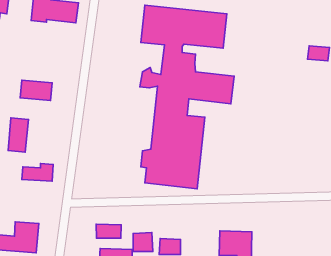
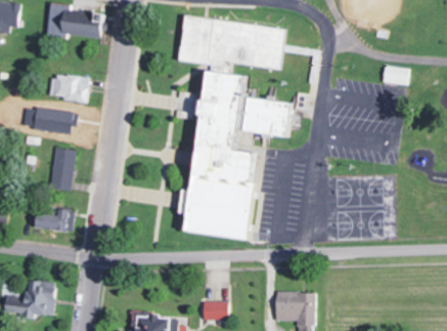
building: none -> [48,74,89,101]
building: [8,118,28,152] -> [50,148,75,190]
building: [96,224,121,238] -> none
building: [133,233,153,251] -> none

